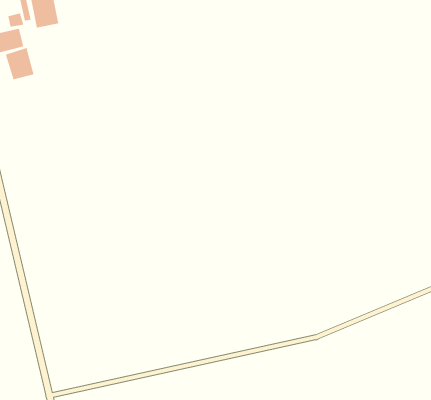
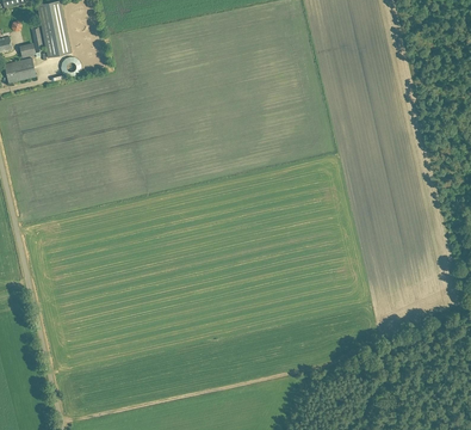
building: [5,47,34,80] -> none

